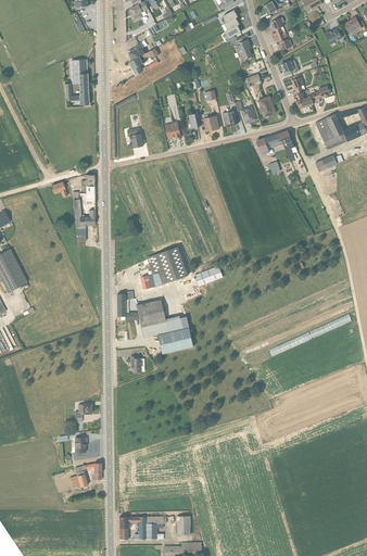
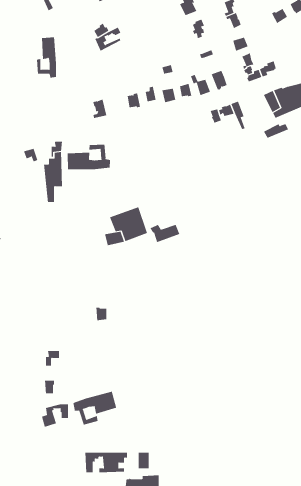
building: none -> [67,144,110,170]
building: [116,290,193,353] -> none
building: none -> [73,391,117,426]

